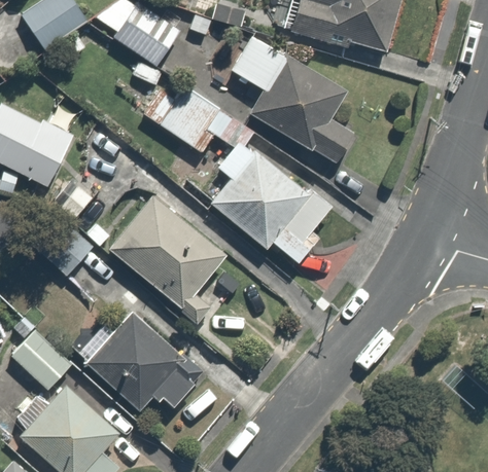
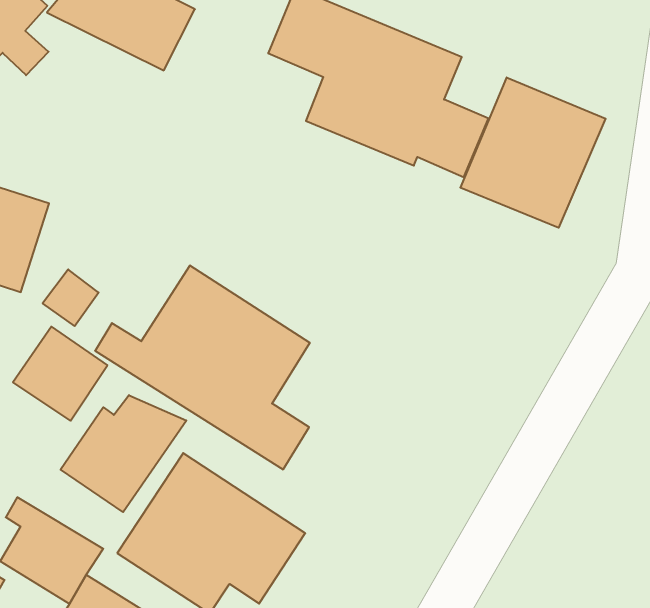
building: [140,77,327,264] -> none
building: none -> [460,77,606,228]
building: none -> [61,395,186,512]

